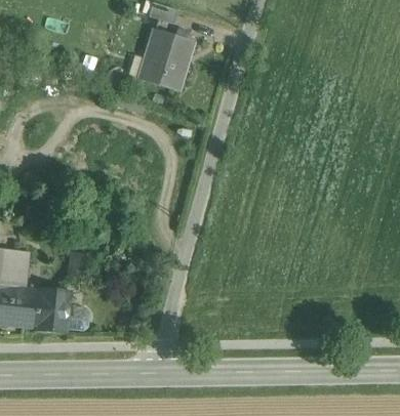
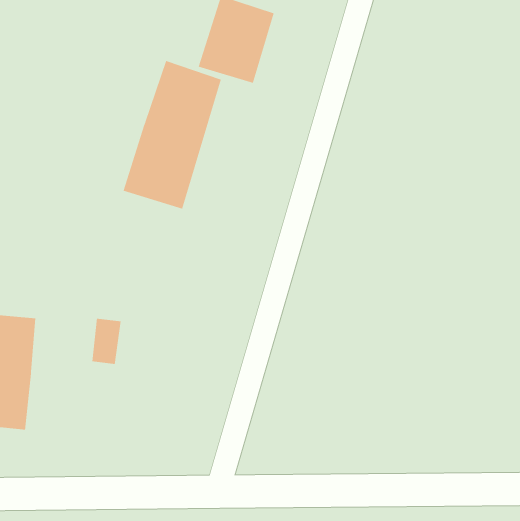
building: none -> [123,60,222,210]
building: [19,287,87,333] -> none

